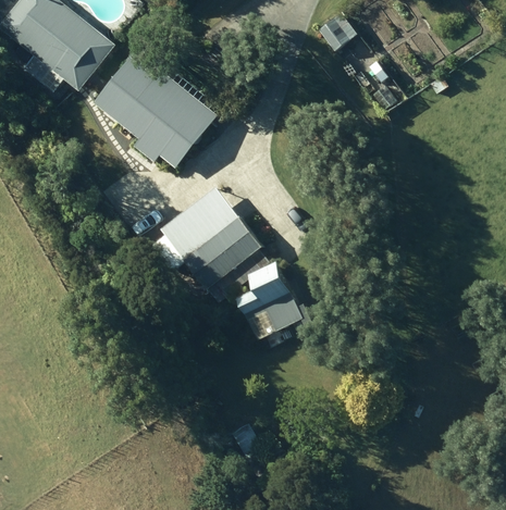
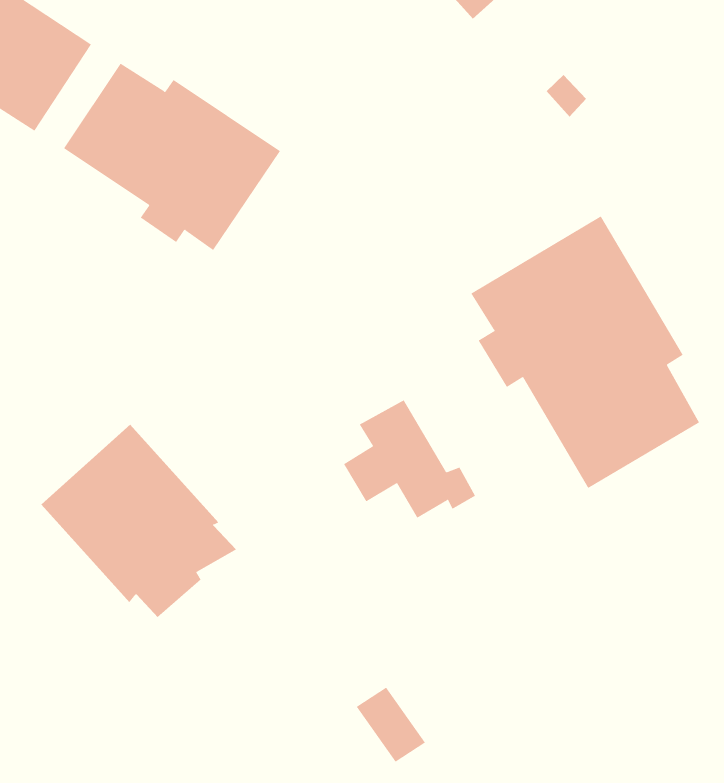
building: none -> [471,216,700,489]
building: [161,187,271,299] -> [40,424,237,618]

